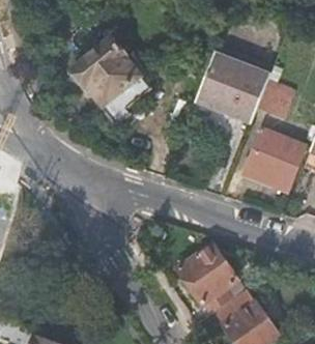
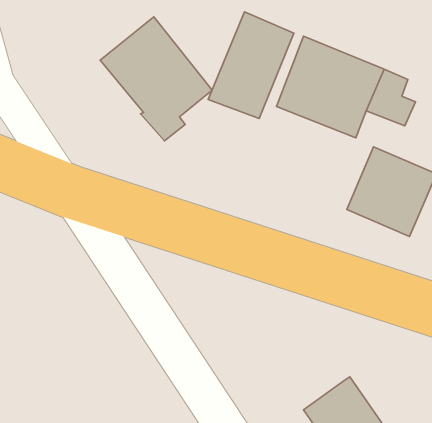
building: none -> [208,12,294,119]
building: [177,247,242,314] -> none

